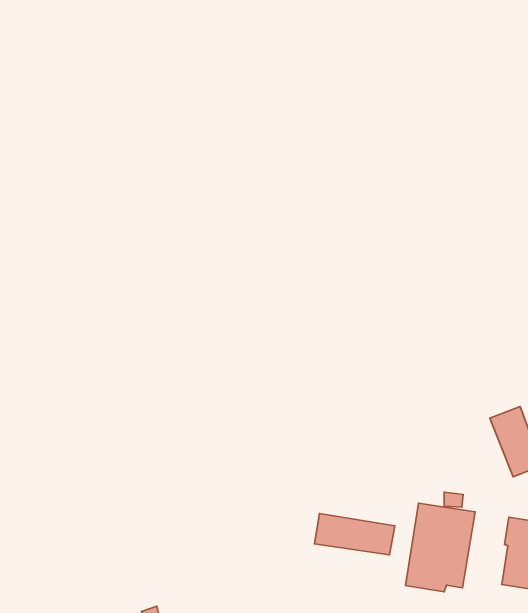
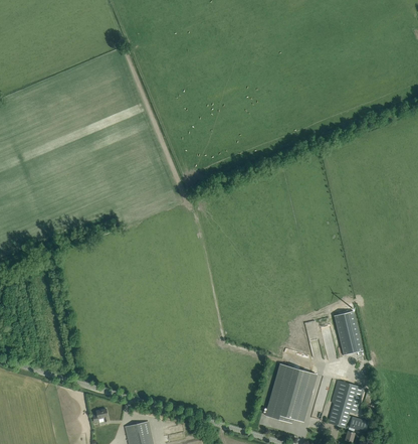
building: [315,513,395,555] -> none

